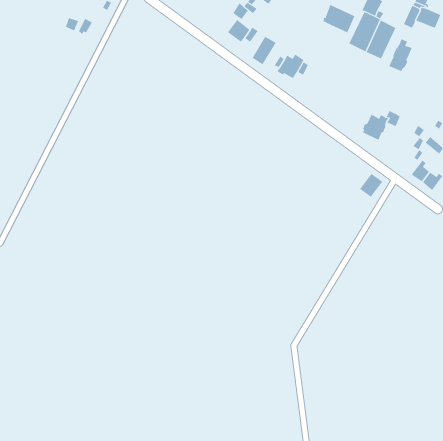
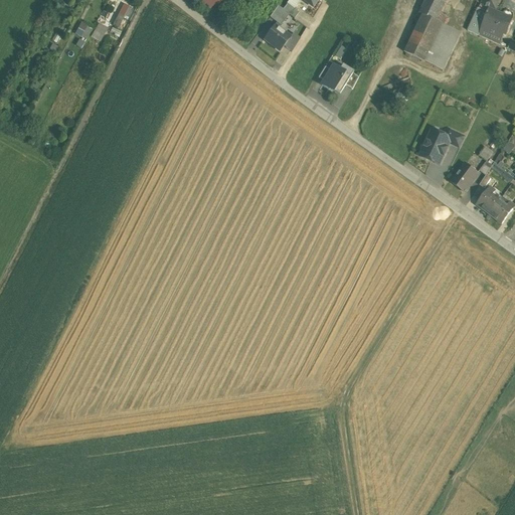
building: [323,4,355,33] -> none
building: [252,36,277,65] -> none
building: [389,38,413,72] -> none
building: [359,173,383,197] -> [451,162,479,190]

